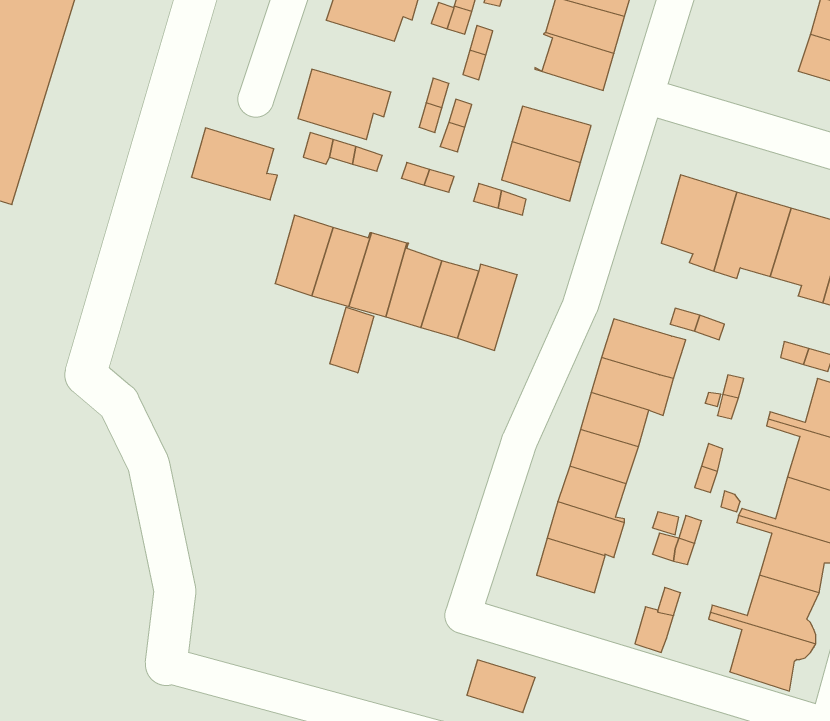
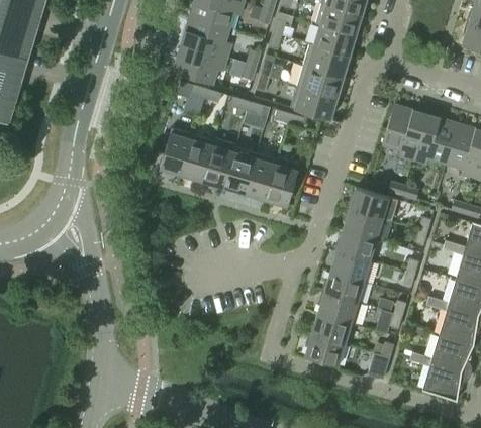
building: none -> [302,44,349,77]
building: [191,128,277,200] -> [181,16,230,58]
building: [330,307,374,373] -> none
building: [467,660,535,713] -> [304,335,344,365]

